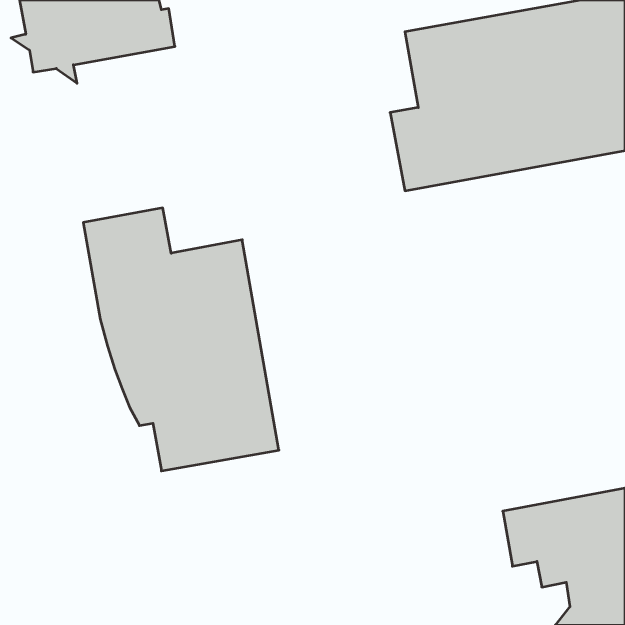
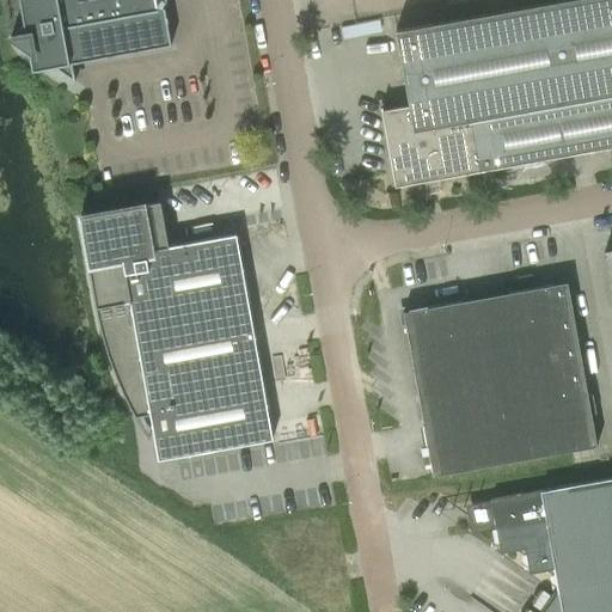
building: none -> [403,282,598,477]

